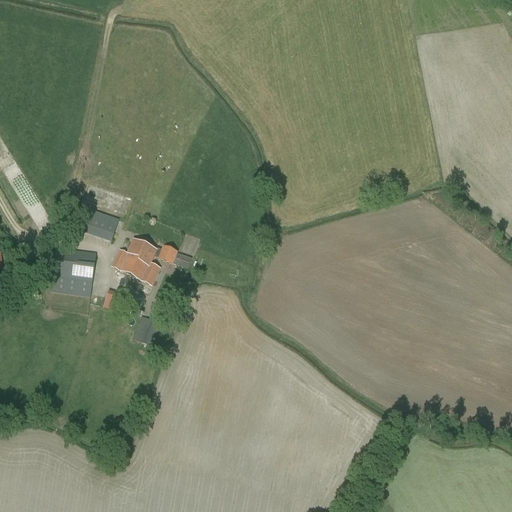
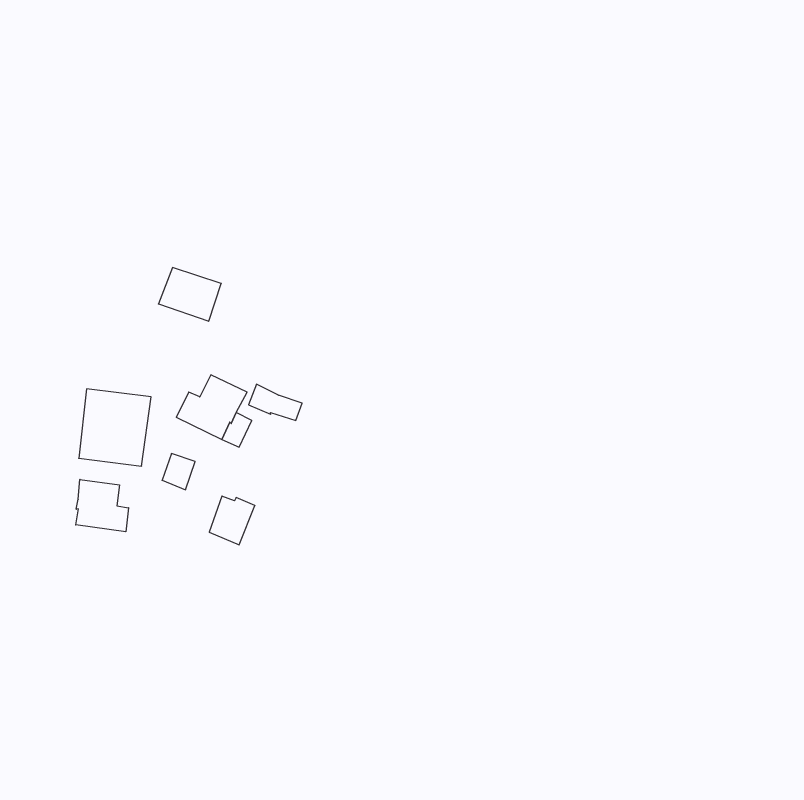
building: [79,208,119,242] -> [158,268,221,321]
building: none -> [76,479,129,532]

